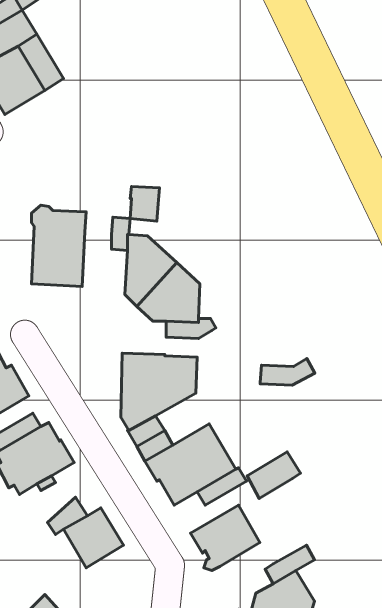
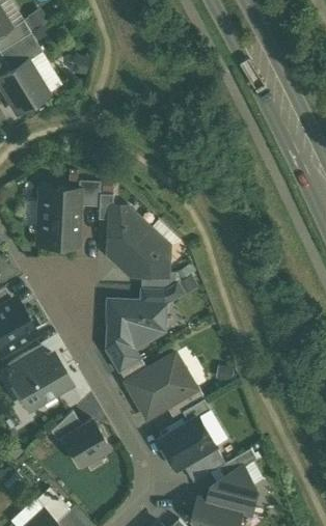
building: [130,187,160,221] -> [79,181,102,207]
building: [260,359,315,385] -> [141,282,184,303]
building: [247,452,300,498] -> [184,447,225,483]

